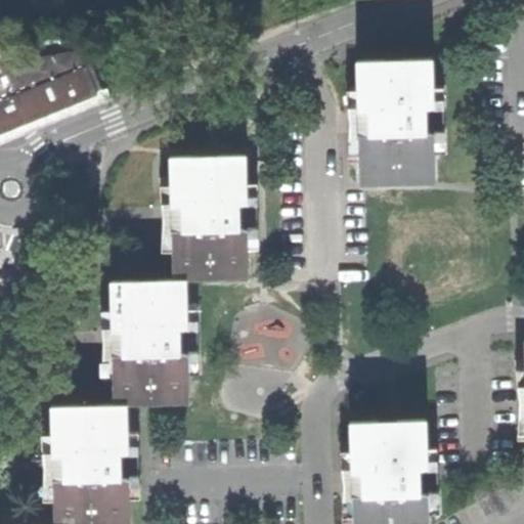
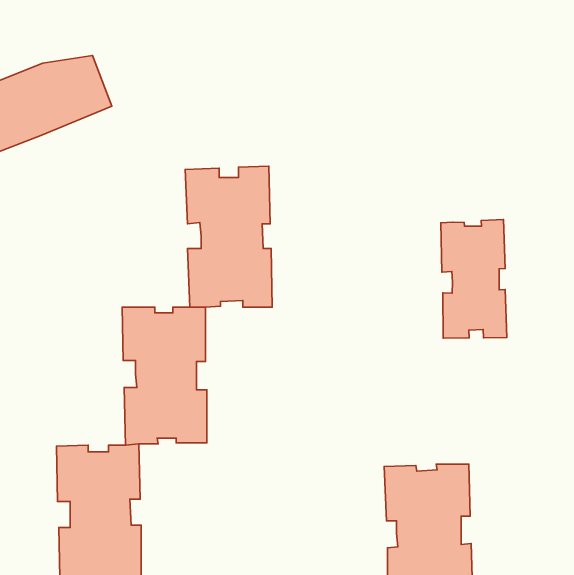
building: [354,61,434,186] -> none
building: none -> [441,219,507,338]

